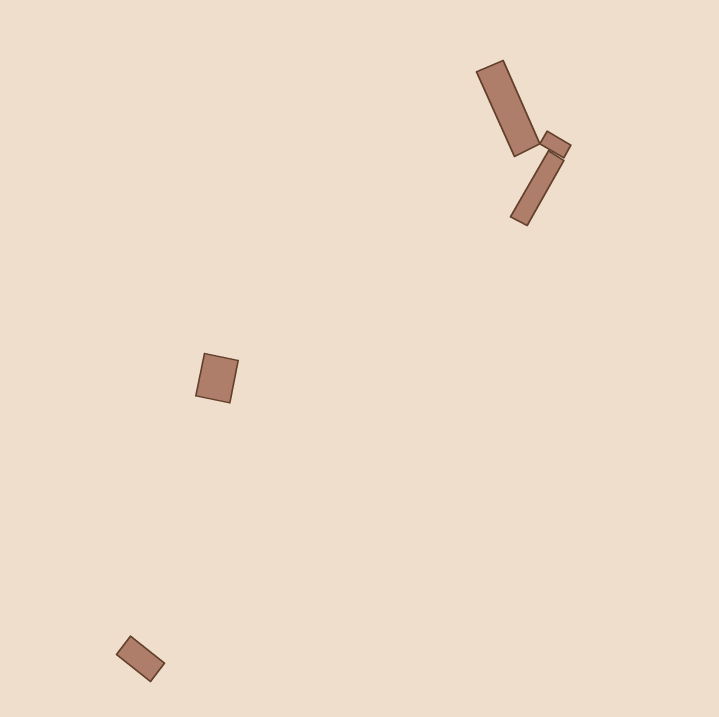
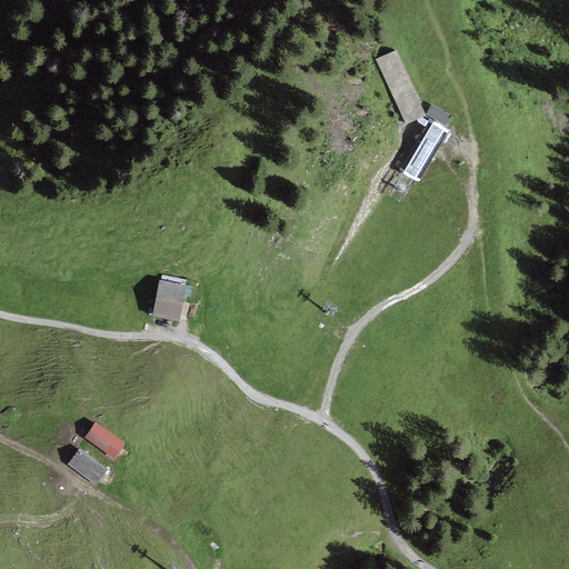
building: none -> [86,423,126,458]
building: [117,636,164,681] -> [68,449,106,485]

